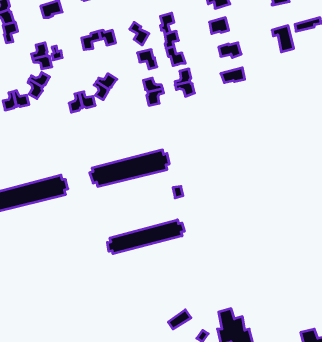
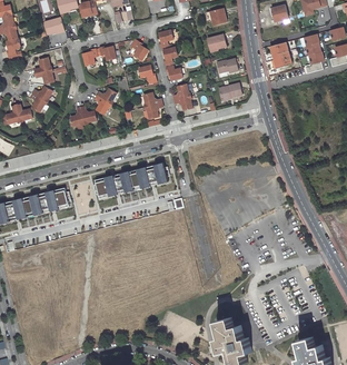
building: [107,220,184,254] -> none

